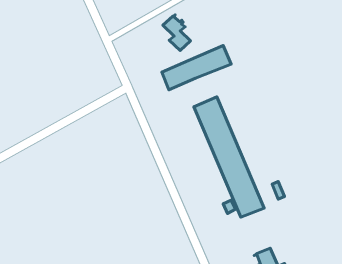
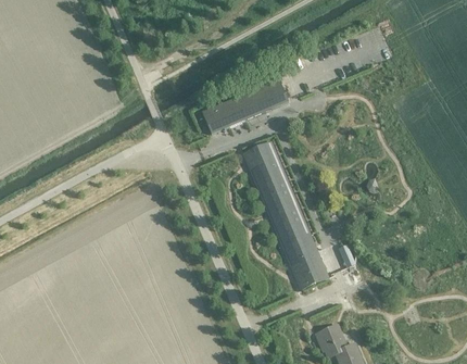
building: [163,15,190,50] -> none

